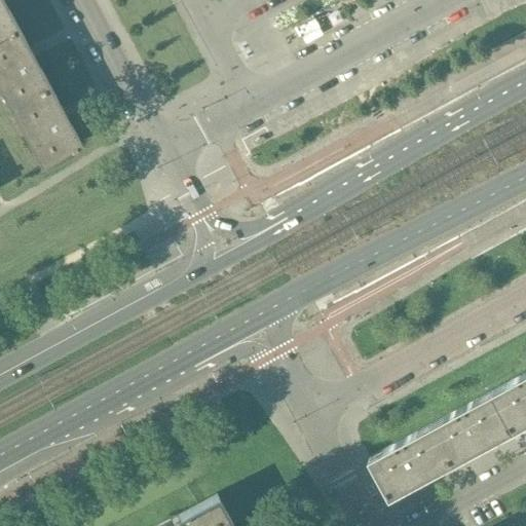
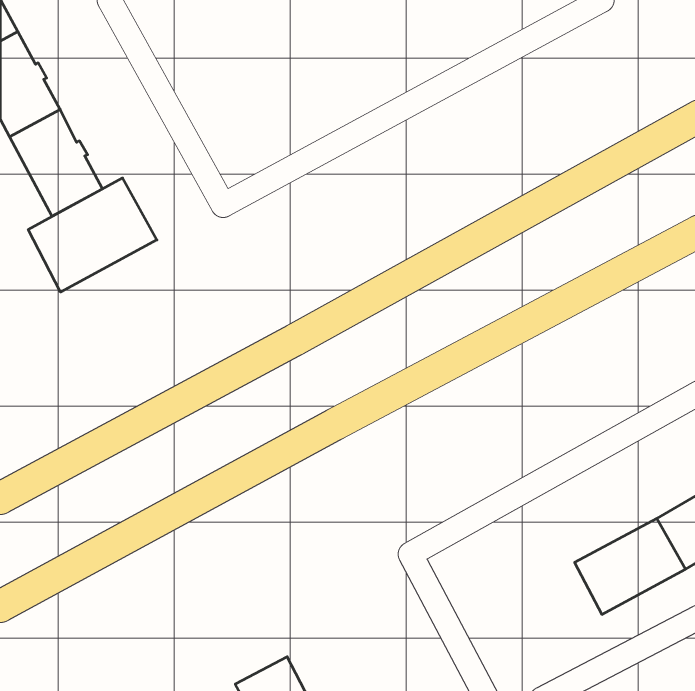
building: none -> [28,178,157,292]
building: [373,428,455,501] -> none

